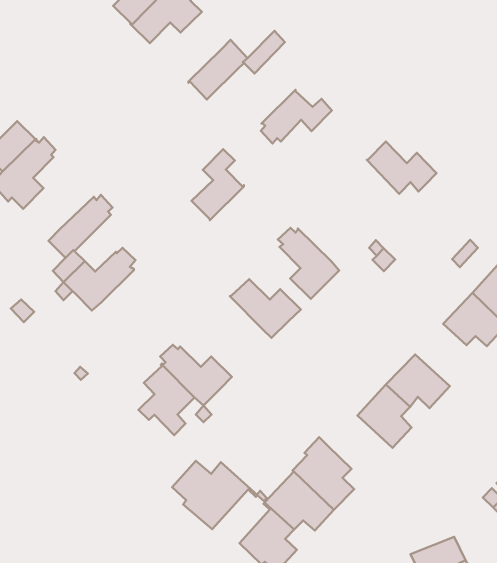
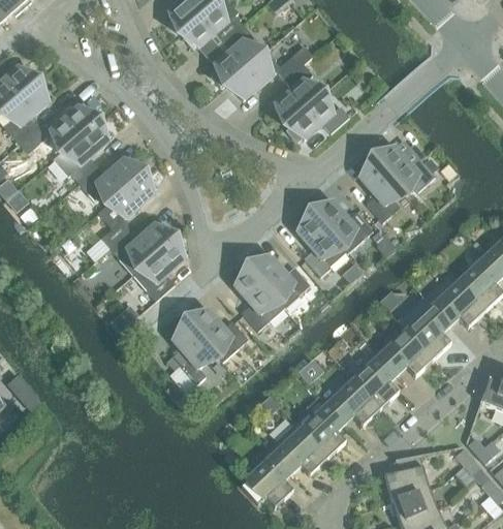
building: none -> [212,23,266,82]
building: [192,149,244,220] -> [274,62,319,122]
building: none -> [359,159,402,220]
building: none -> [80,156,142,200]
building: none -> [313,199,373,252]
building: none -> [132,240,185,299]
building: none -> [233,267,284,329]
building: none -> [406,304,451,357]
building: none -> [326,377,381,425]
building: [172,461,257,529] -> none
building: none -> [384,455,429,499]

